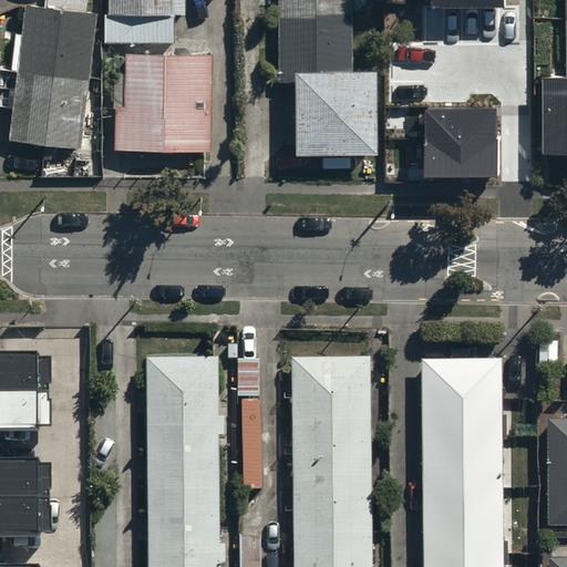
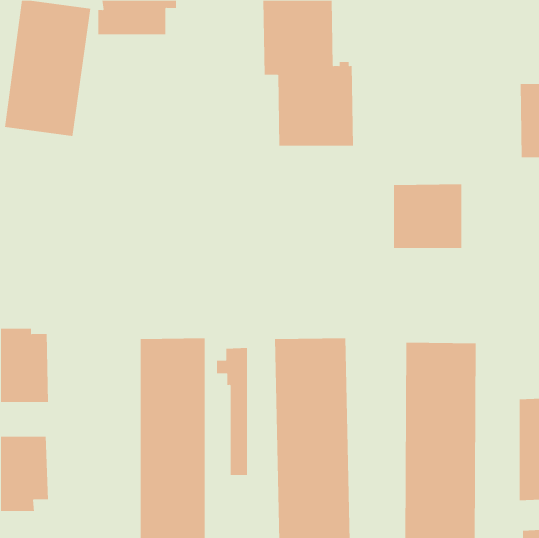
building: [113,51,212,143] -> none
building: [430,112,502,179] -> [393,184,462,249]

